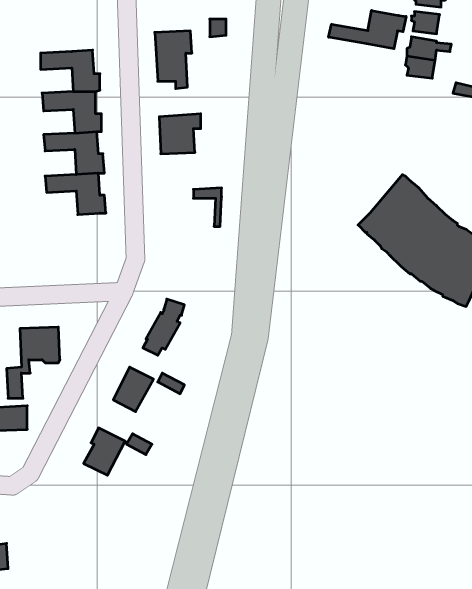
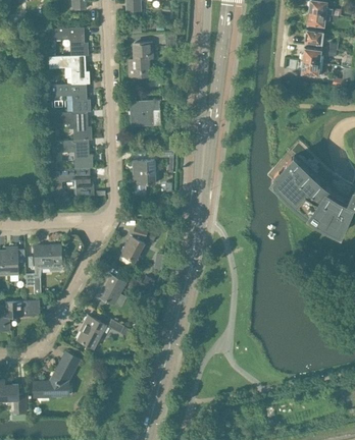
building: none -> [48,28,89,57]
building: [329,10,406,49] -> none
building: none -> [133,161,156,192]
building: none -> [54,168,95,198]
building: none -> [35,352,79,397]

